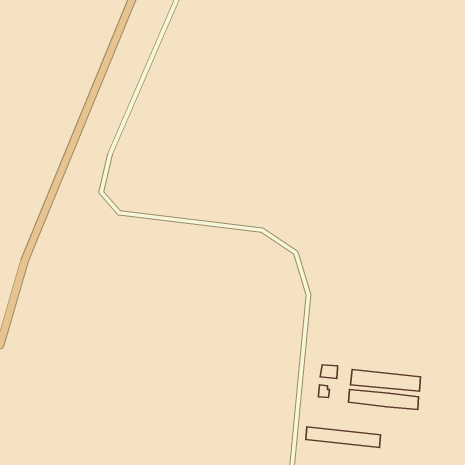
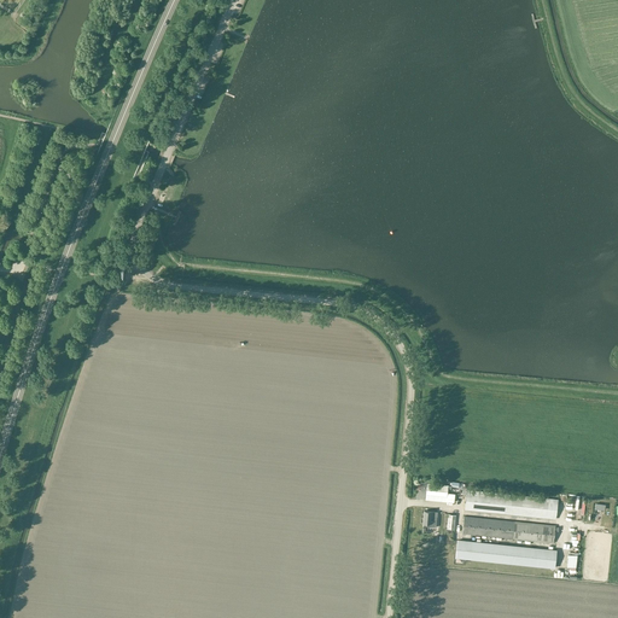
building: [306,427,381,448] -> [456,541,555,569]

